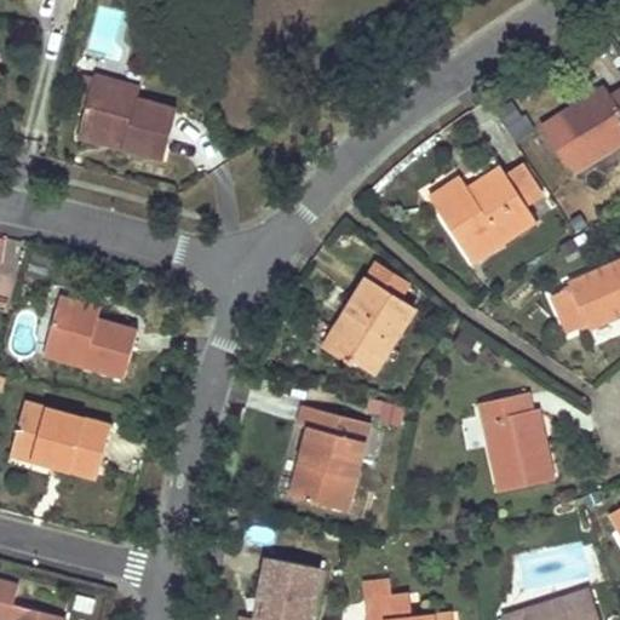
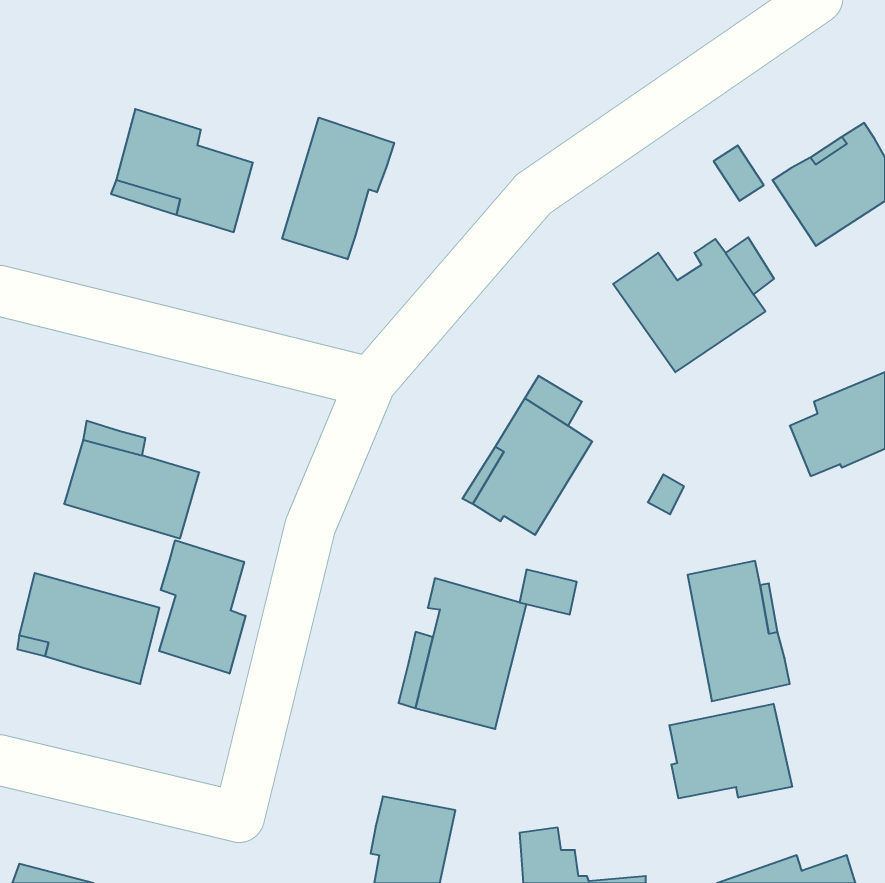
building: none -> [282,118,394,259]
building: none -> [159,540,246,674]
building: none -> [669,704,792,798]

